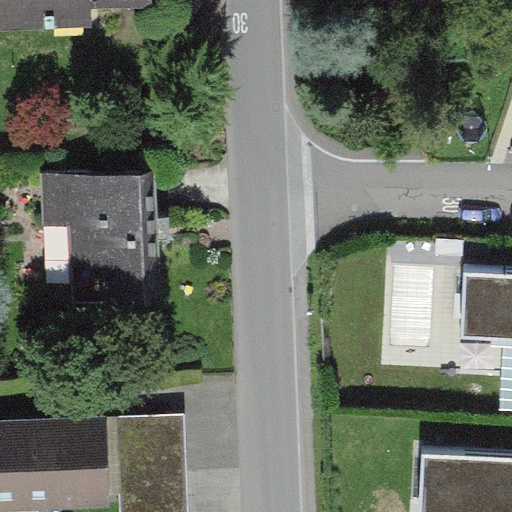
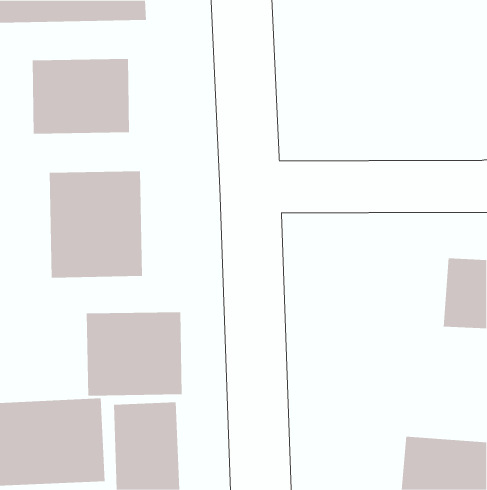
building: none -> [32,58,130,134]
building: none -> [86,311,182,396]

